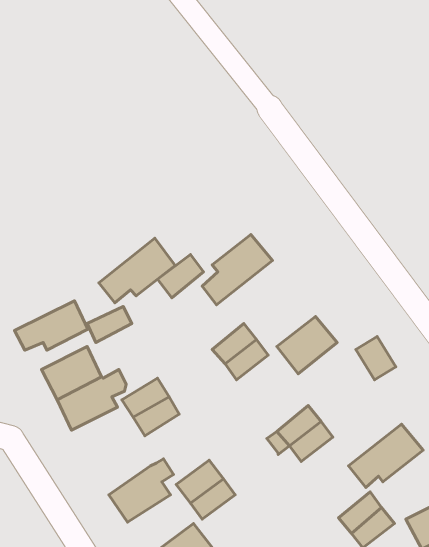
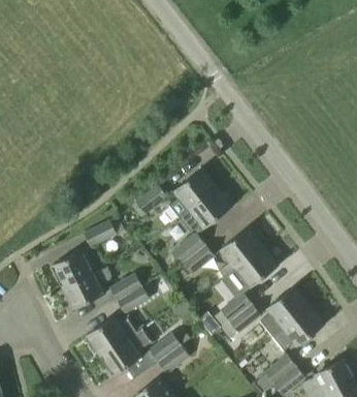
building: [99,238,175,303] -> [176,188,231,235]
building: [15,301,88,350] -> none
building: none -> [235,247,279,288]
building: none -> [259,287,310,336]
building: none -> [86,316,133,357]

